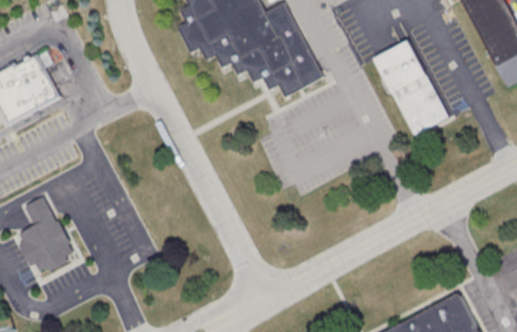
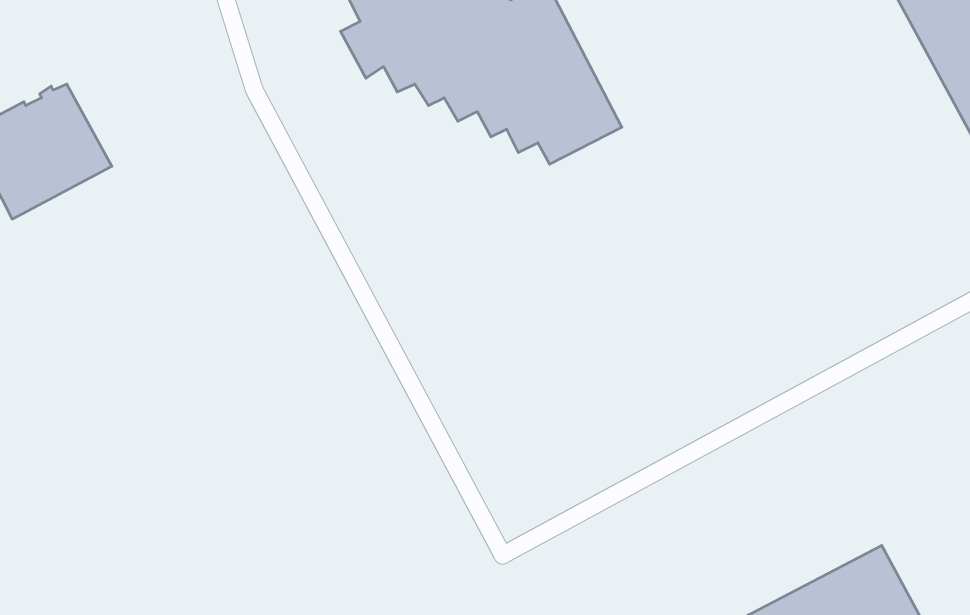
building: [374,39,448,134] -> none
building: [19,197,73,271] -> none

